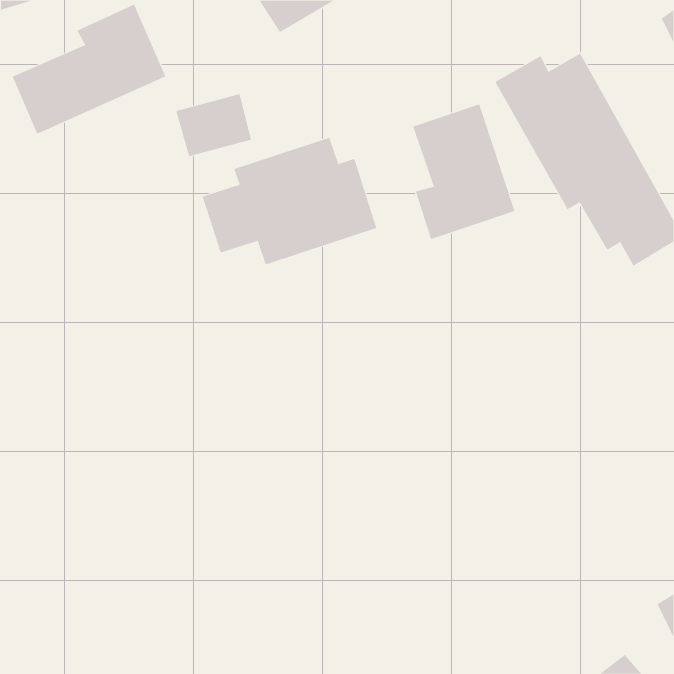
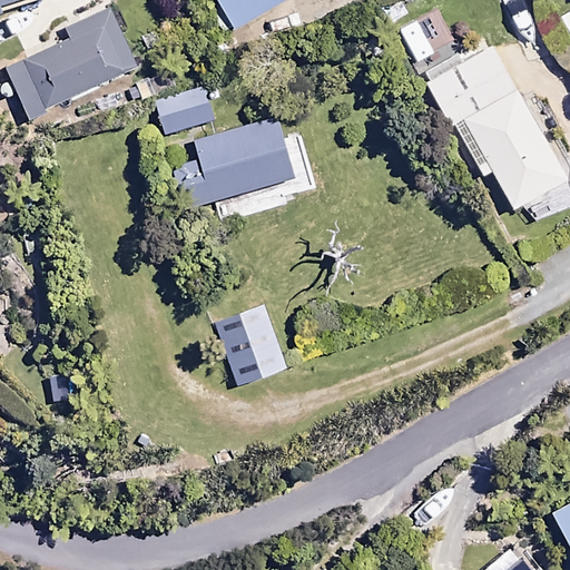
building: [412,103,515,240] -> none
building: none -> [216,305,287,385]

